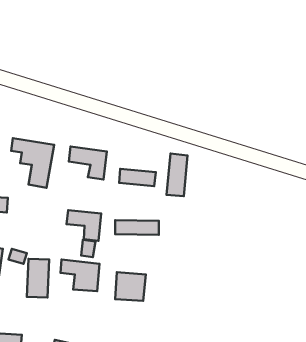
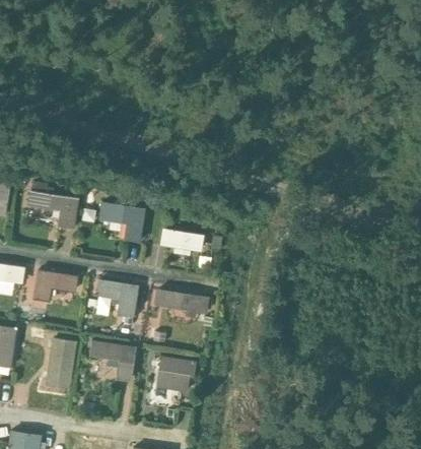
building: [167,153,188,196] -> none
building: none -> [33,270,77,302]

